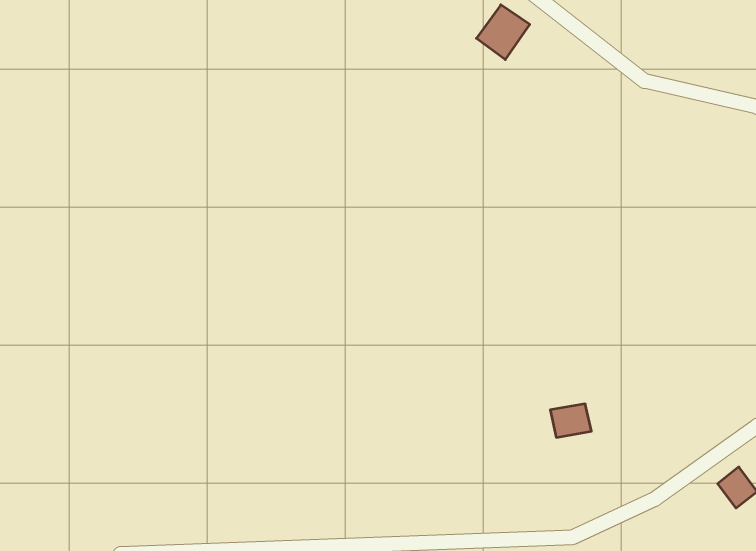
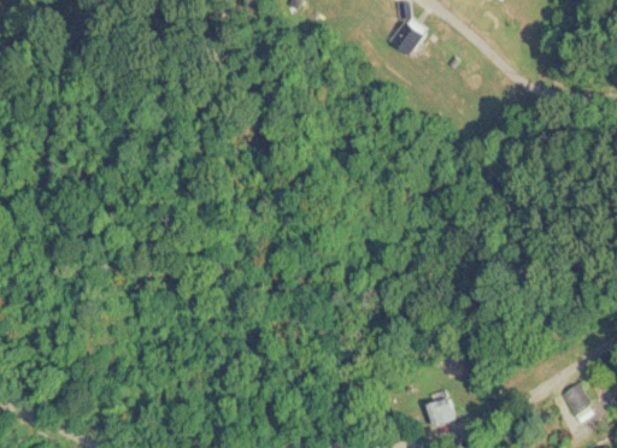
building: [550,404,591,437] -> [428,397,460,424]

